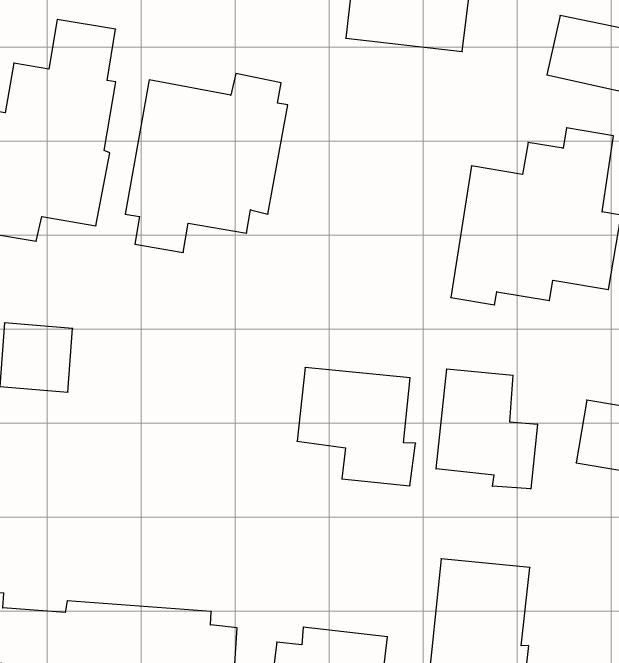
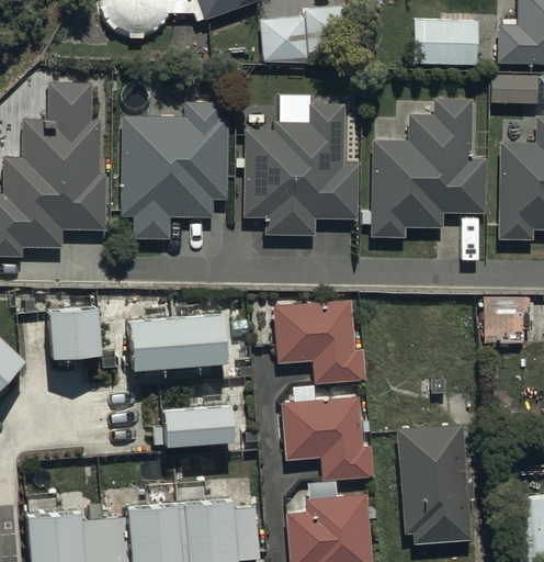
building: none -> [242,104,358,236]
building: none -> [129,315,229,372]
building: [436,369,537,489] -> none
building: none -> [163,405,235,448]
building: none -> [282,398,375,481]

